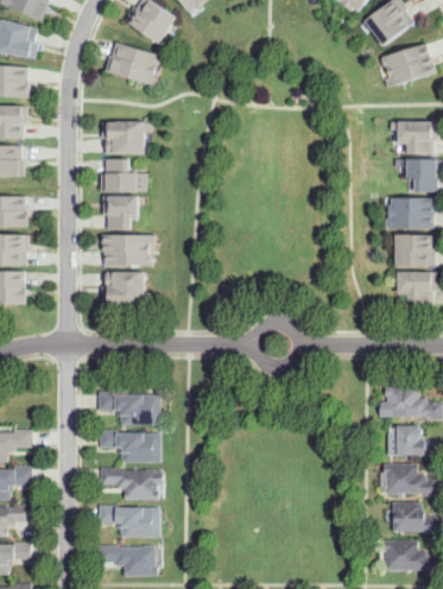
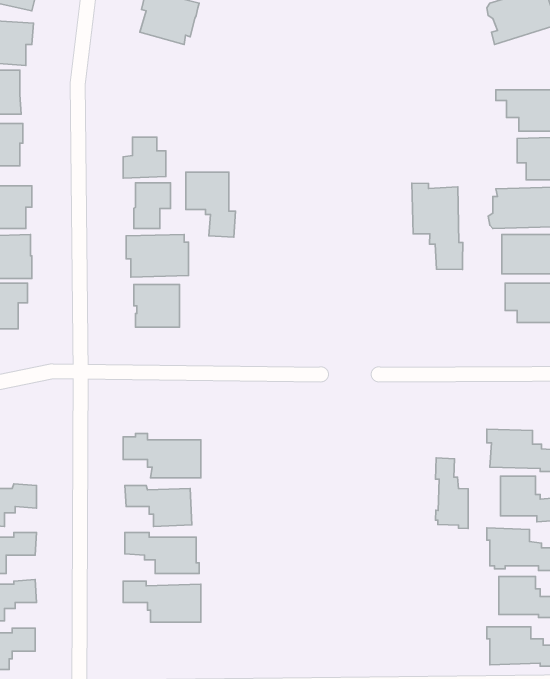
building: [107,122,143,156] -> none
building: none -> [186,172,235,237]
building: none -> [412,183,463,269]
building: none -> [435,458,468,529]
building: [97,544,157,576] -> none

